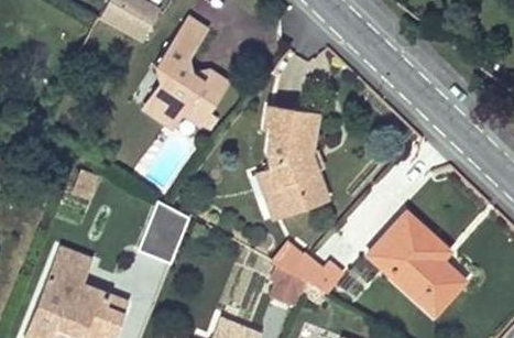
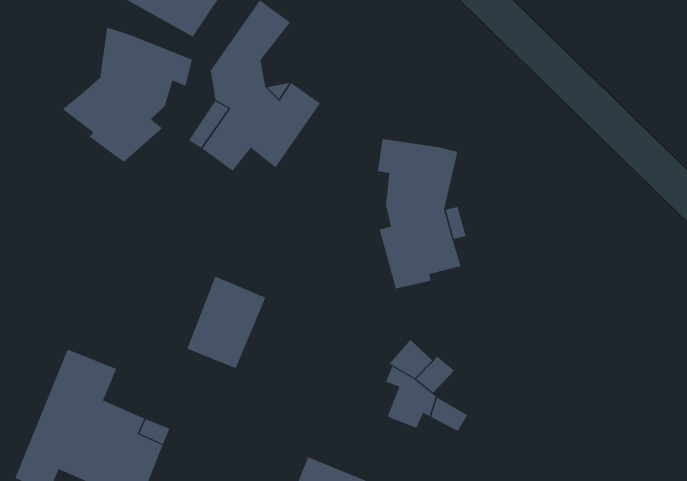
building: none -> [62,27,193,163]
building: [256,168,324,219] -> none
building: [369,211,462,312] -> none

